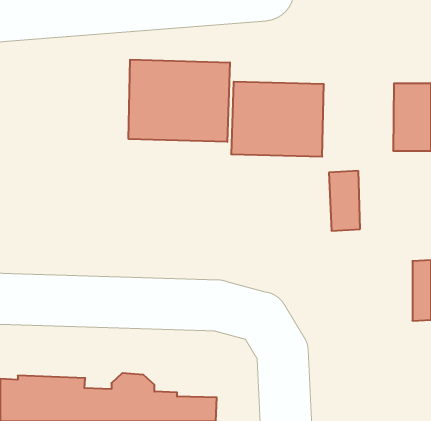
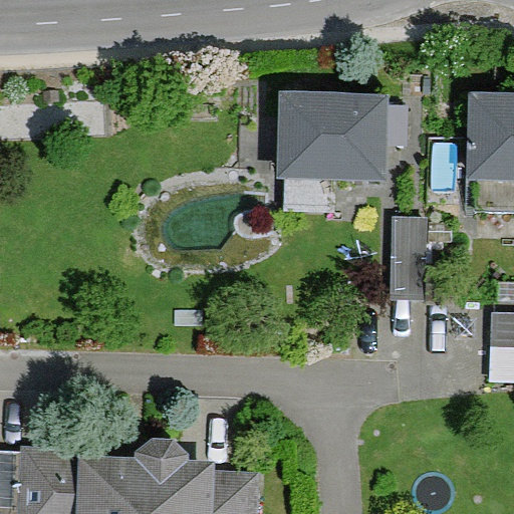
building: [129,60,230,142] -> none

